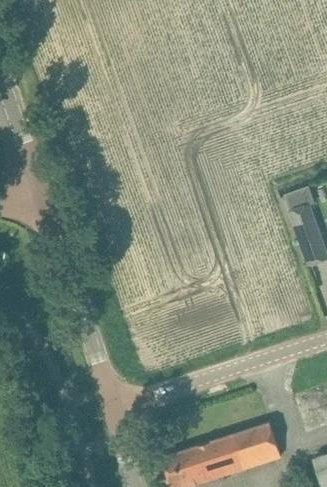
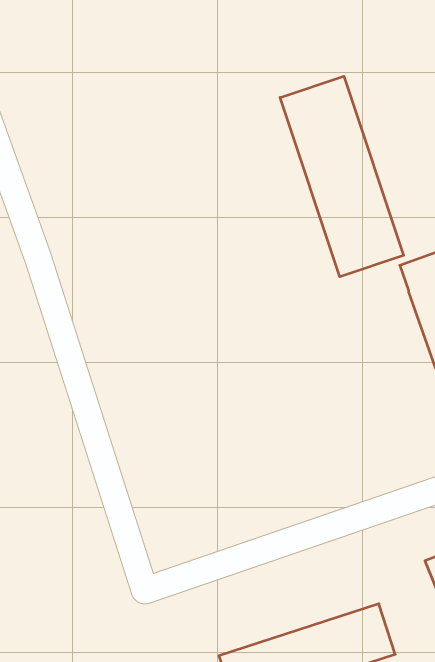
building: none -> [280,76,404,277]

